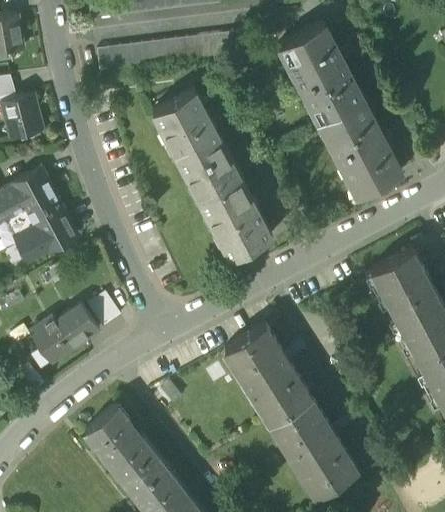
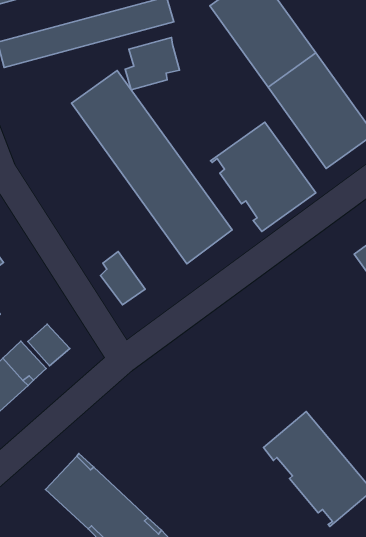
building: none -> [125,38,180,90]
building: none -> [211,122,316,232]
building: none -> [101,252,145,305]
building: [223,323,310,422] -> none

